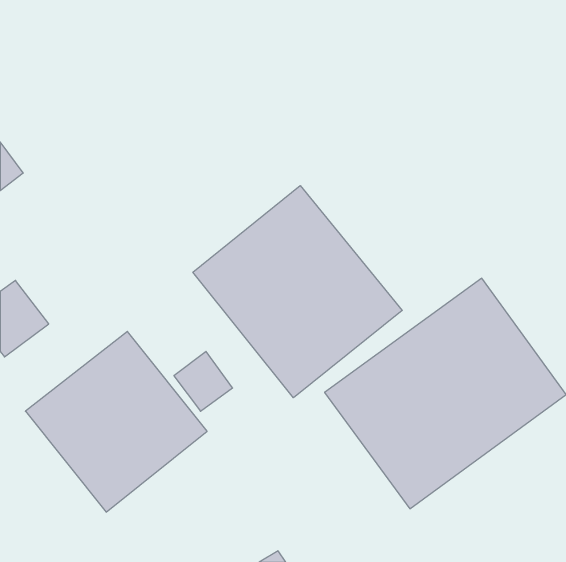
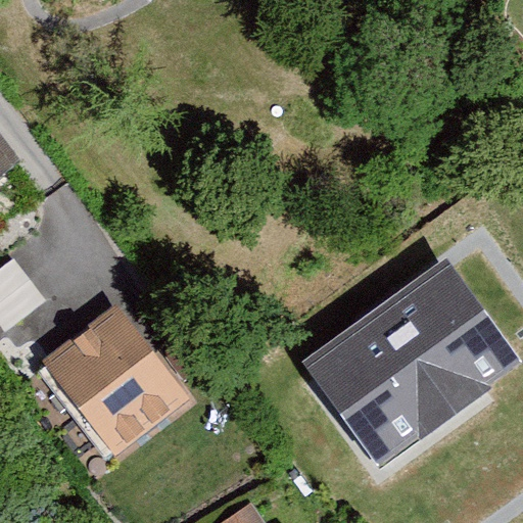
building: [193,186,402,398] -> none

